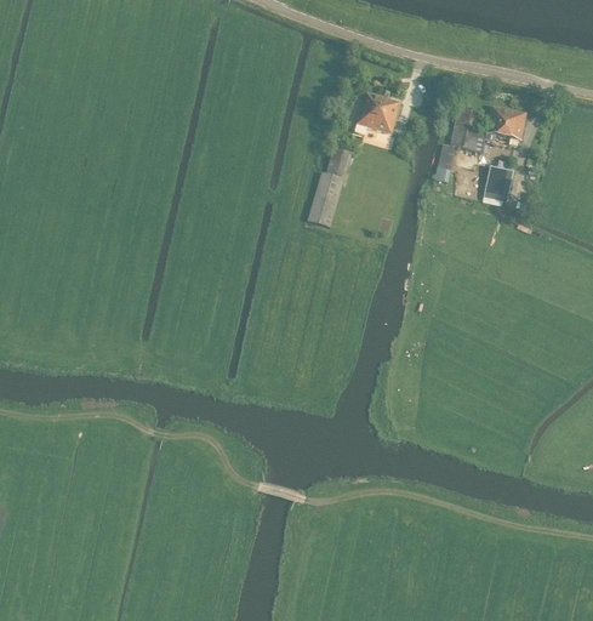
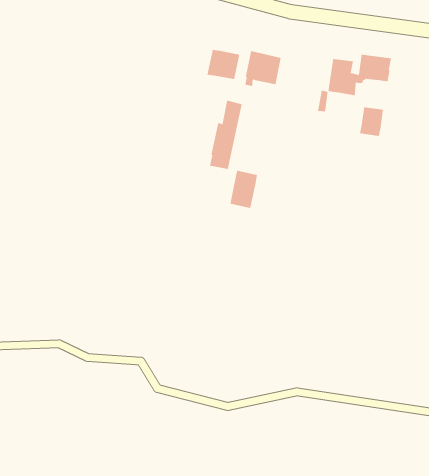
building: none -> [207,49,240,80]
building: none -> [230,170,258,209]

